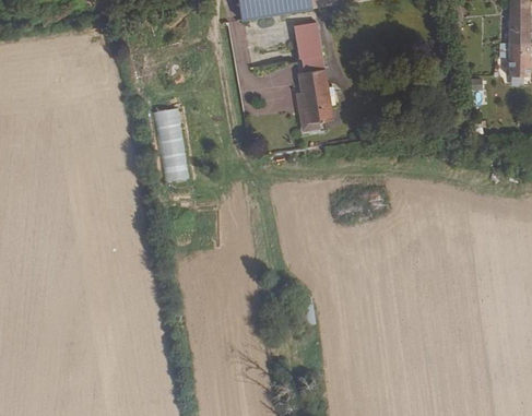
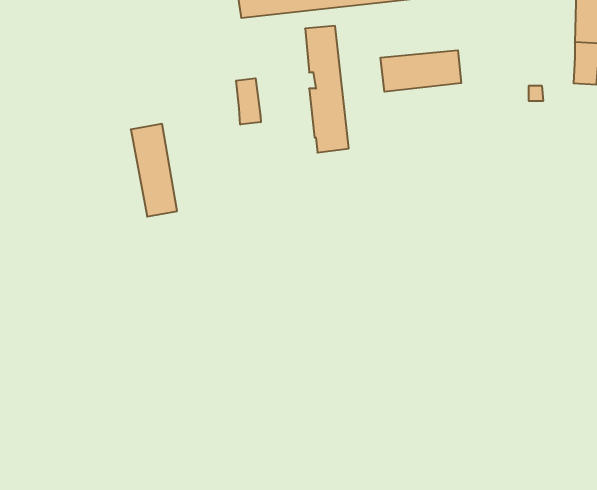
building: none -> [381,50,461,92]
building: none -> [236,78,261,125]

